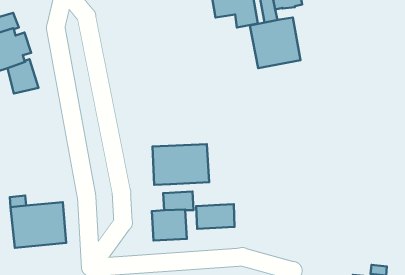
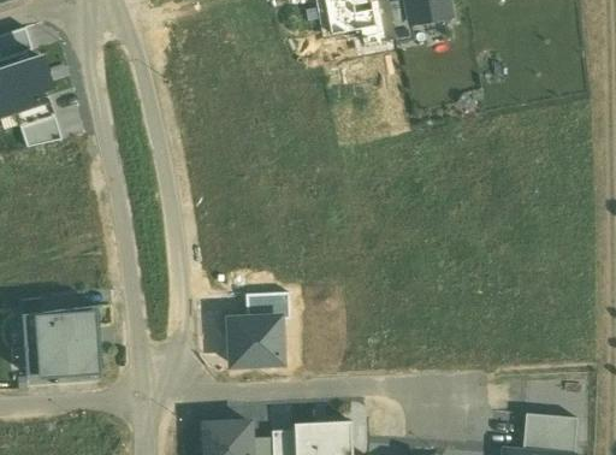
building: [250,17,301,68] -> none
building: [153,144,209,185] -> none
building: [196,204,235,229] -> none

